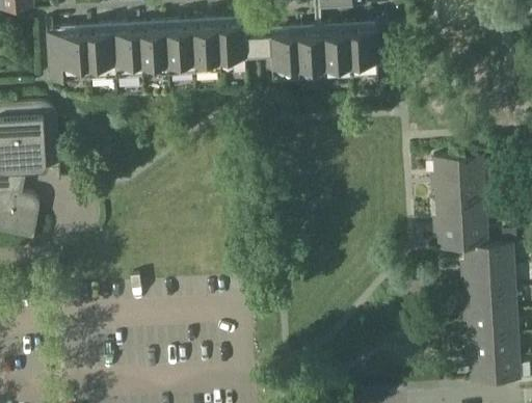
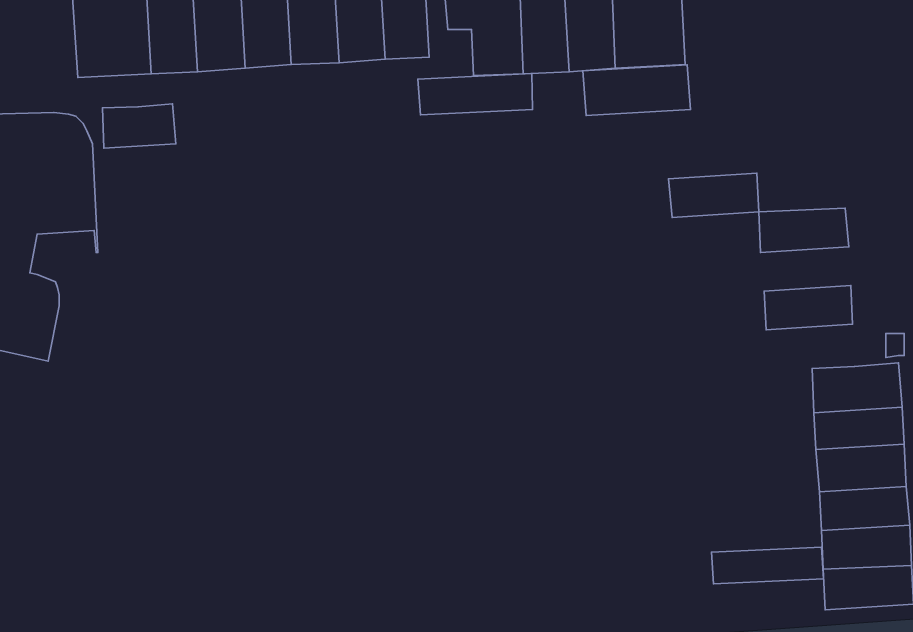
building: none -> [583,65,691,115]
building: none -> [418,73,532,115]
building: none -> [102,104,176,148]
building: [434,177,485,202] -> [669,173,759,217]
building: [437,220,487,246] -> none
building: none -> [712,547,824,584]

